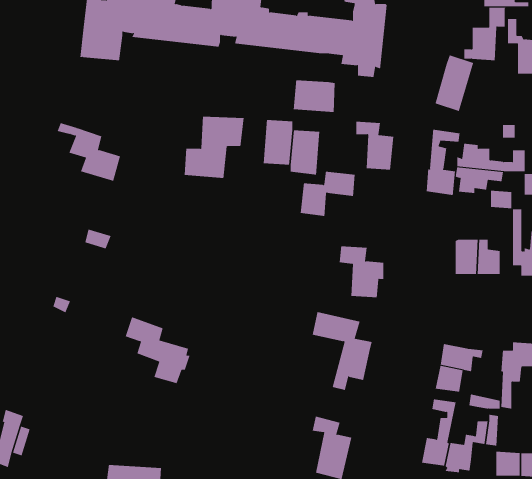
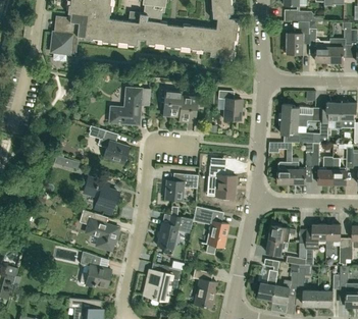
building: [435,55,474,112] -> none
building: [293,80,335,113] -> none
building: [57,123,121,181] -> [90,126,129,162]
building: [426,129,460,196] -> none
building: [300,171,355,217] -> [164,173,198,201]
building: none -> [84,176,117,214]
building: none -> [156,215,192,256]
building: none -> [80,252,110,287]
building: none -> [144,265,181,300]

